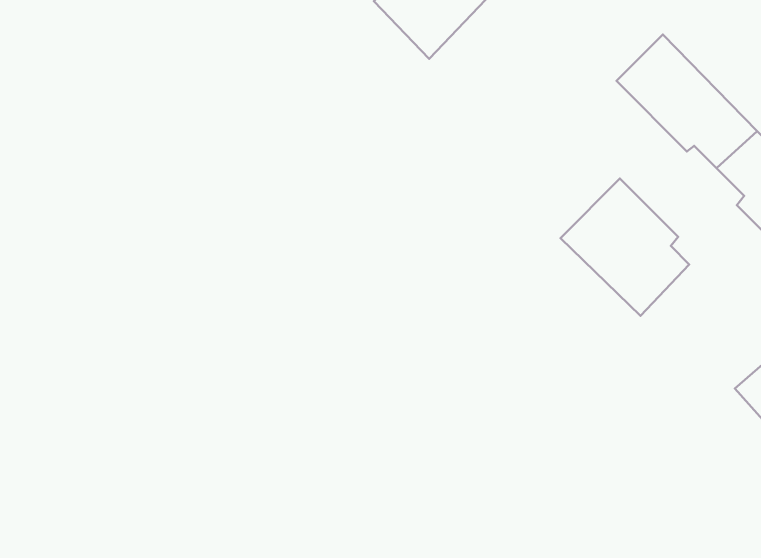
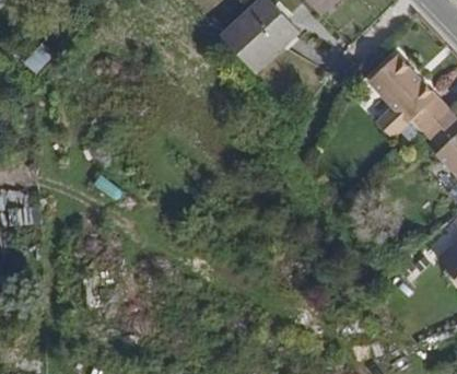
building: [560,179,689,316] -> none

